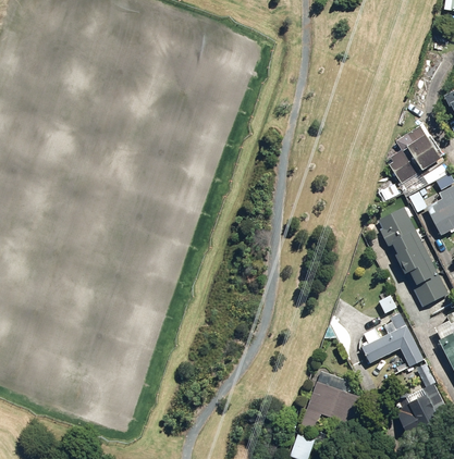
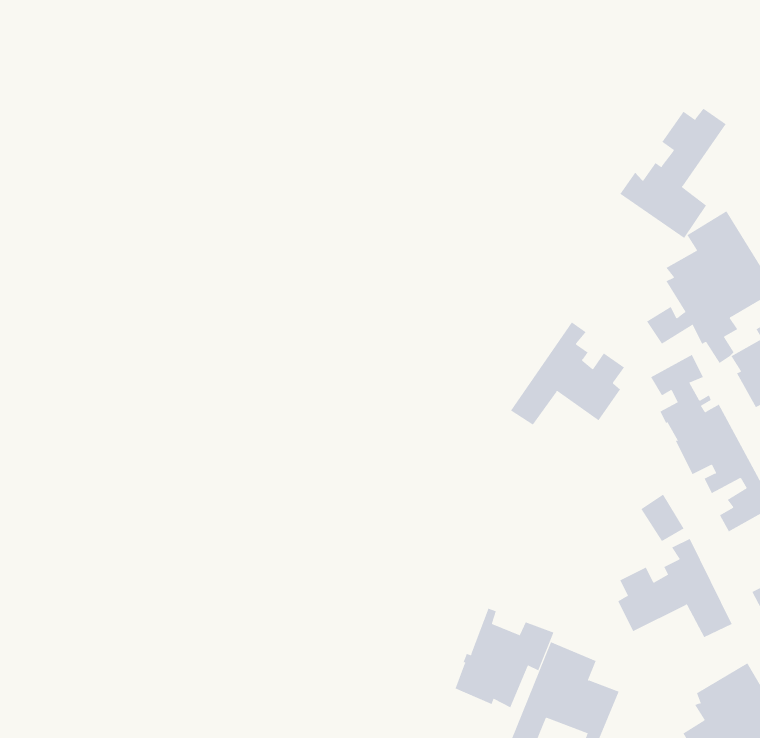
building: none -> [619,108,726,239]
building: none -> [510,321,625,426]
building: none -> [455,608,554,708]

